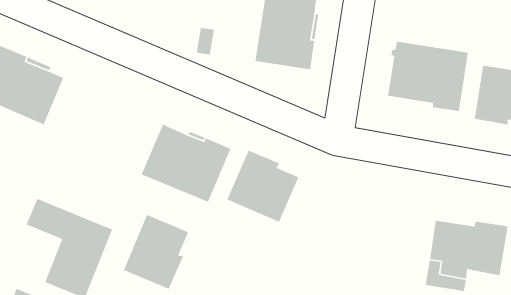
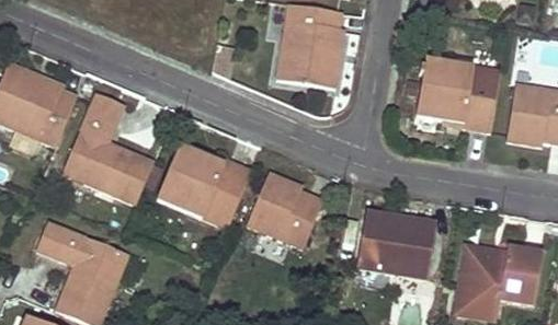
building: none -> [62,93,155,205]
building: none -> [357,211,436,278]
building: [123,214,189,290] -> none

